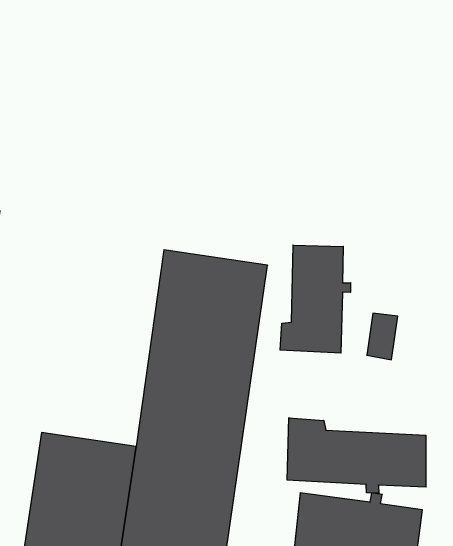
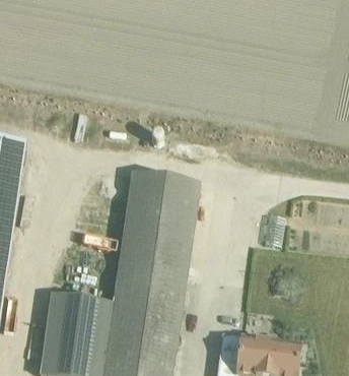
building: [280,245,351,353] -> none
building: [287,418,426,493] -> none

